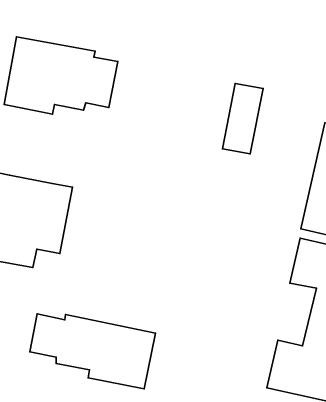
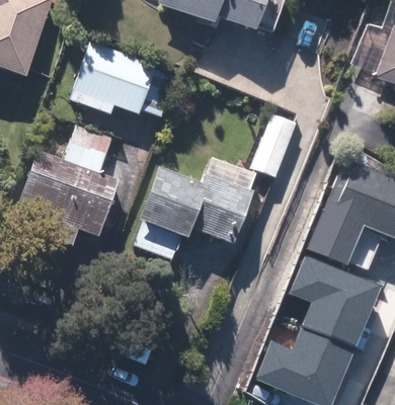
building: none -> [65,124,113,173]
building: none -> [135,158,255,258]
building: [30,314,155,389] -> none

